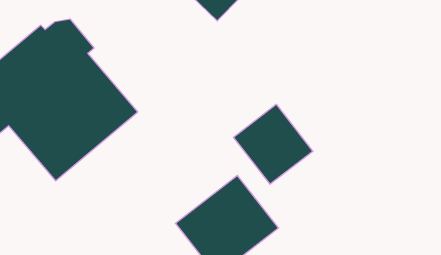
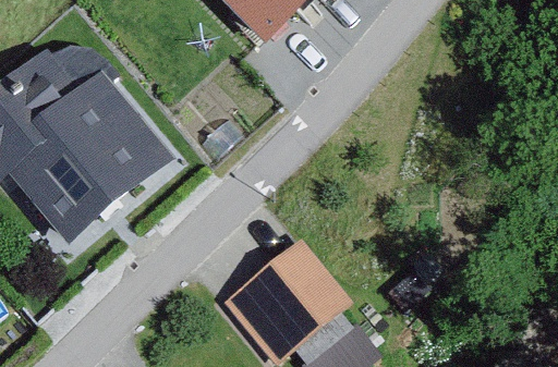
building: [234,104,313,184] -> none

